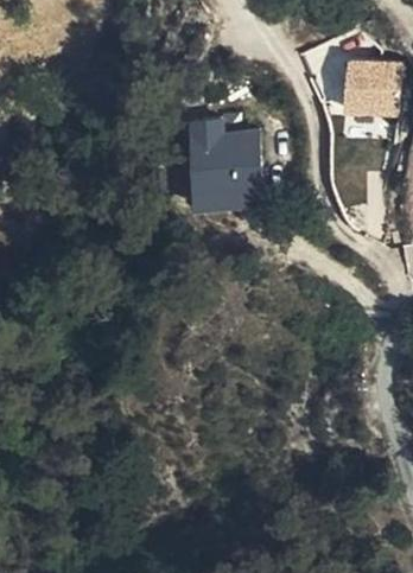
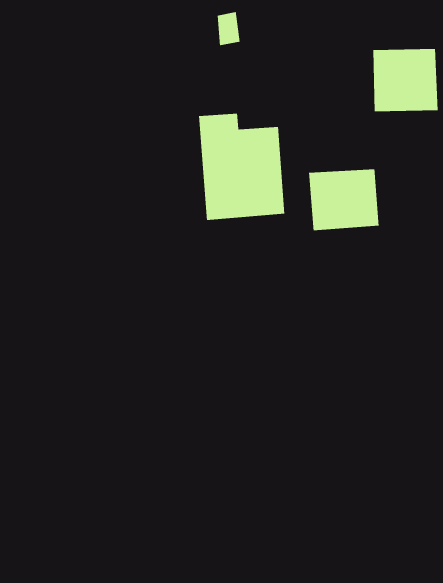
building: none -> [309,168,379,231]

